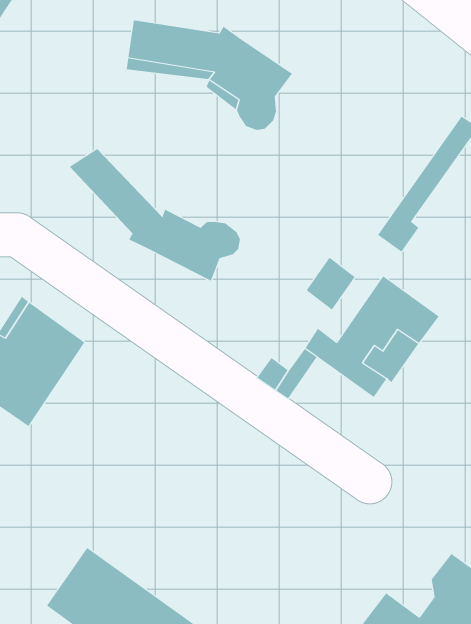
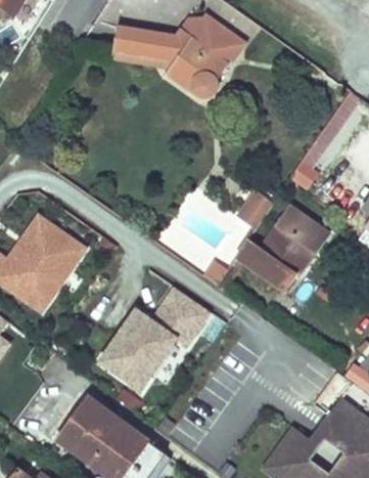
building: none -> [191,19,240,62]
building: [69,148,241,281] -> none
building: none -> [100,290,207,389]

